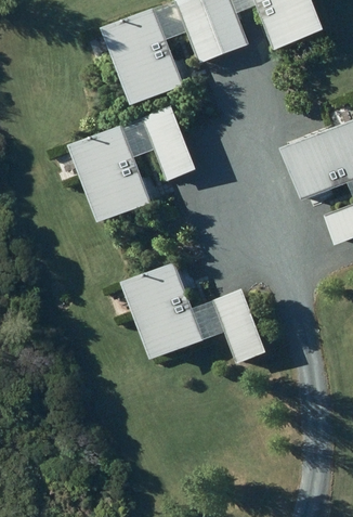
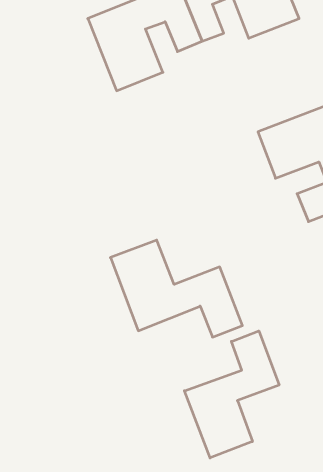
building: [69,107,193,221] -> none
building: none -> [184,331,279,458]

